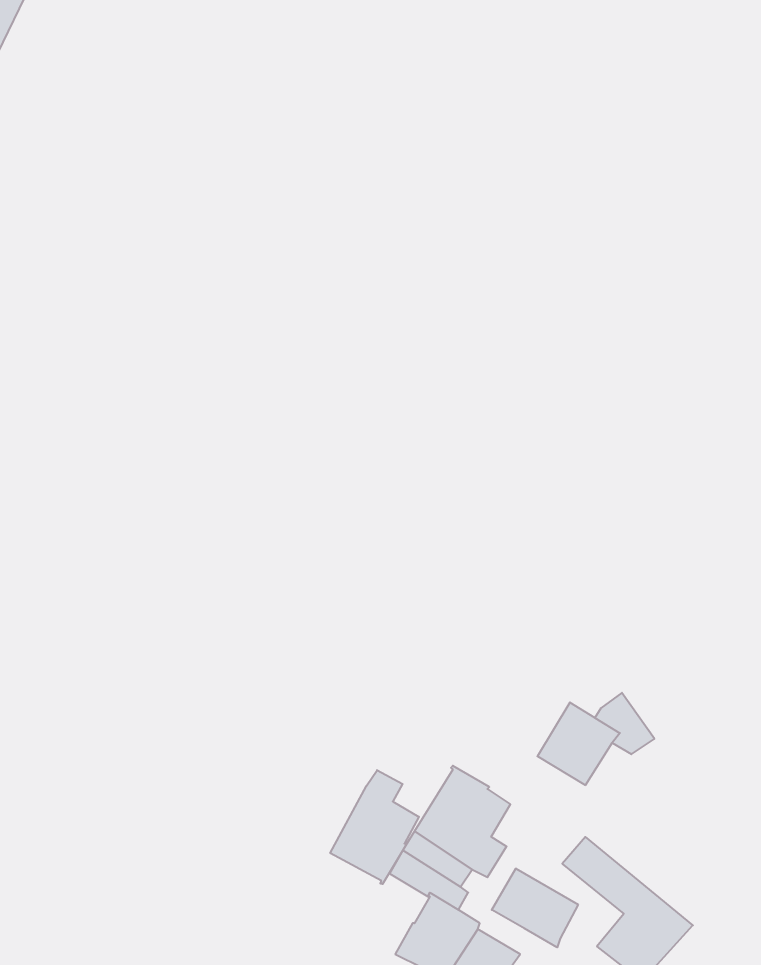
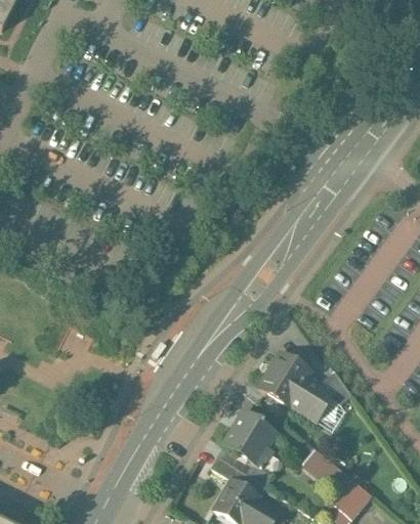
building: none -> [258,353,309,405]
building: [330,770,419,884] -> none
building: [492,868,578,947] -> none

